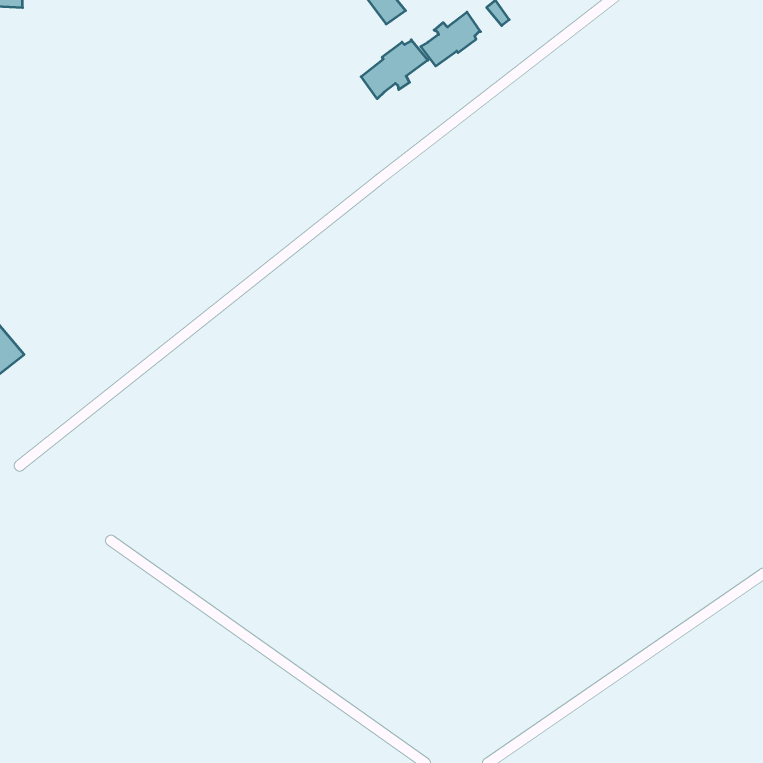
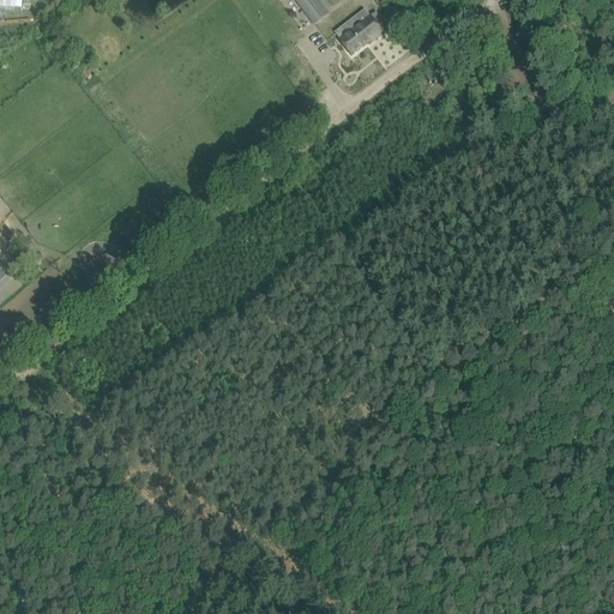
building: [361,40,428,99] -> none

